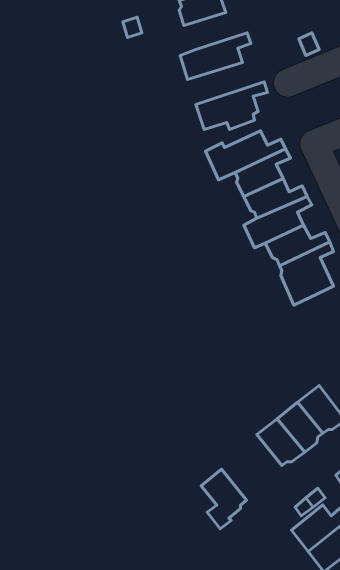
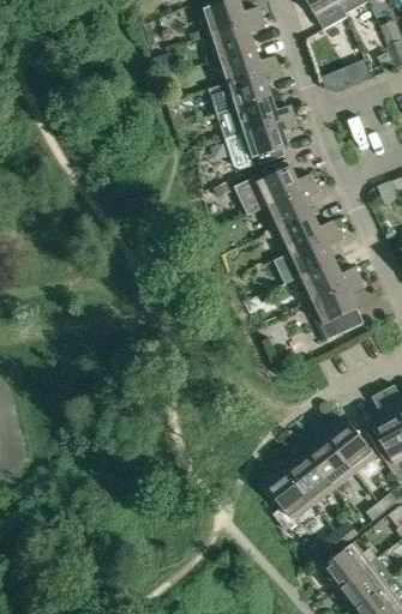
building: none -> [214,47,277,84]
building: none -> [217,97,294,139]
building: [201,469,247,529] -> [266,470,312,530]

